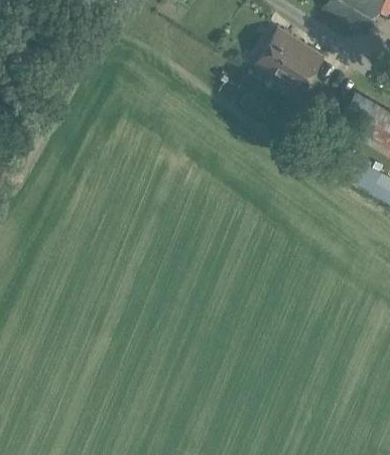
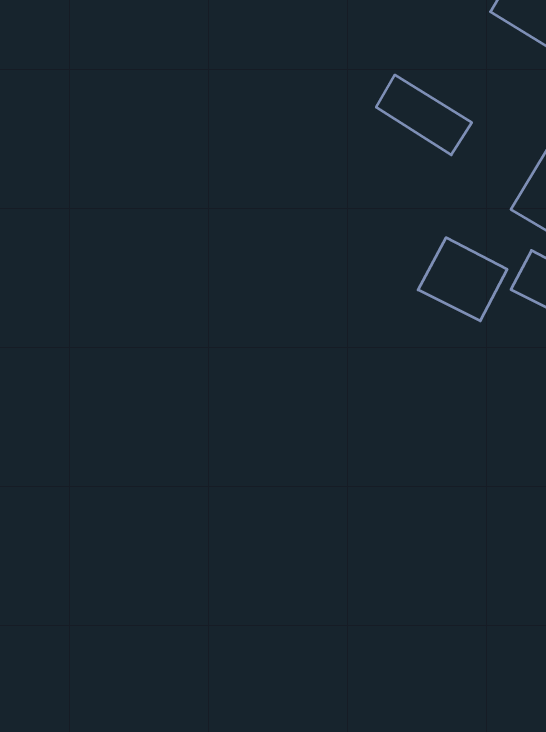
building: [268,29,326,76] -> none
building: none -> [418,238,507,321]

